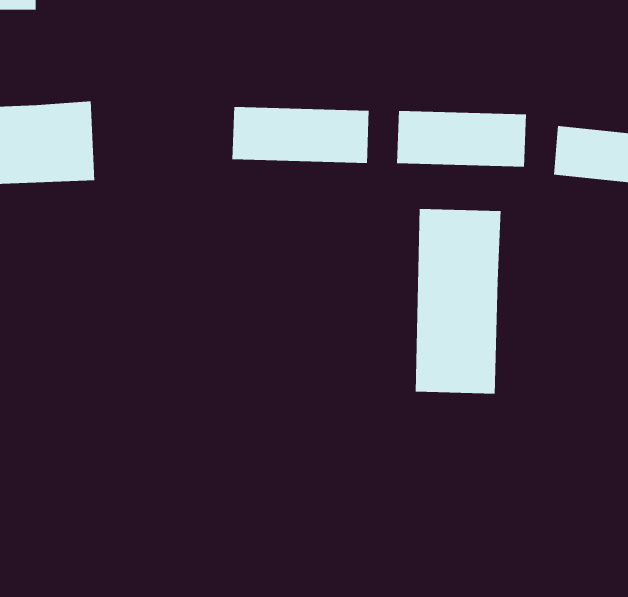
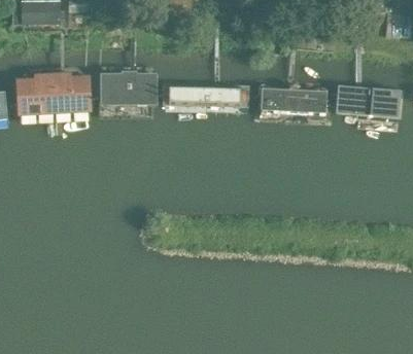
building: none -> [102,74,153,107]
building: [415,208,501,395] -> none

